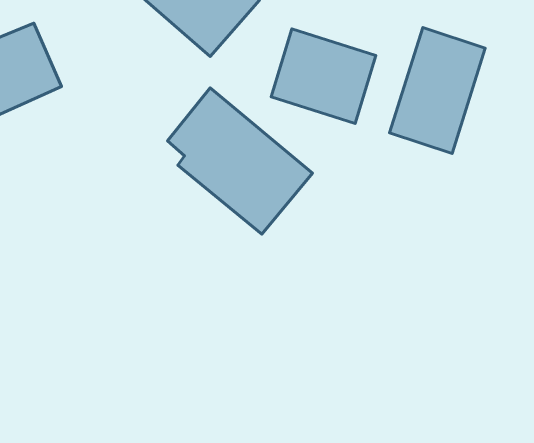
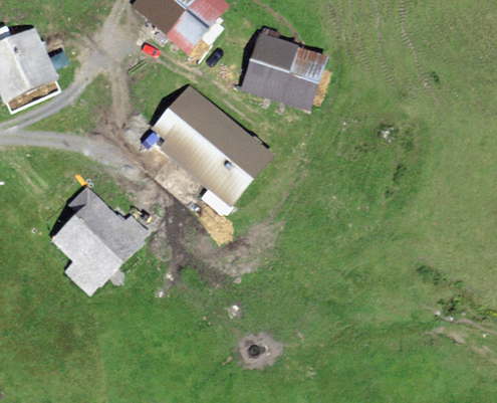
building: [390,28,485,153] -> none
building: none -> [50,184,152,298]

